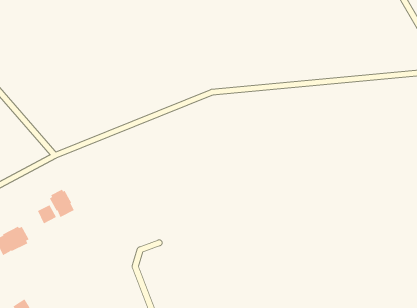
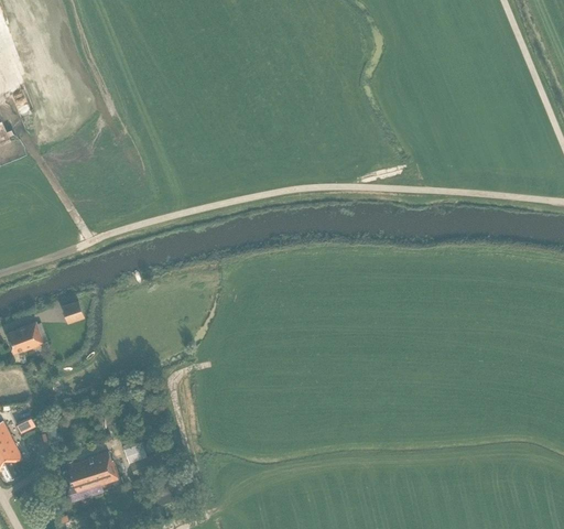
building: [49,189,74,218] -> none

